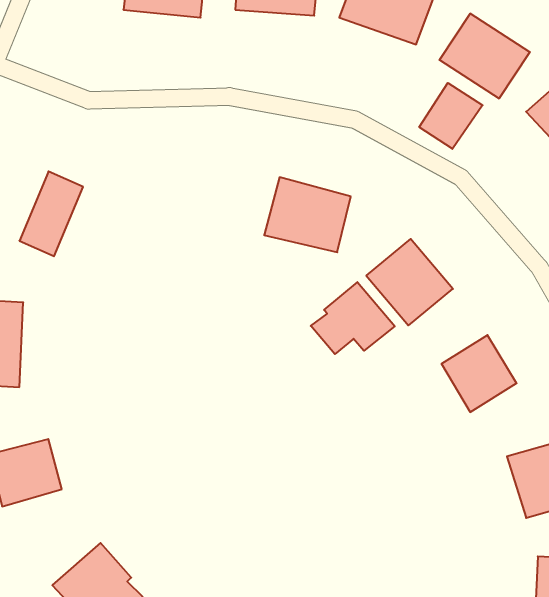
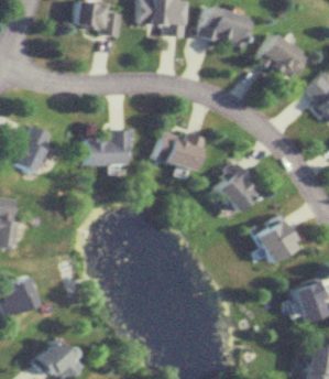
building: [419,83,483,149] -> none
building: none -> [87,130,132,165]
building: [311,282,395,354] -> none

